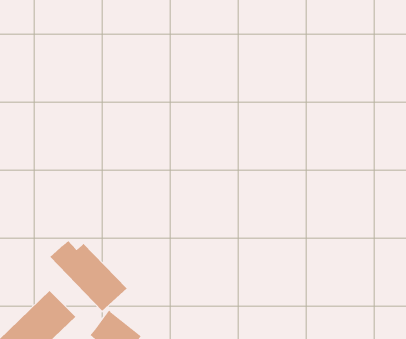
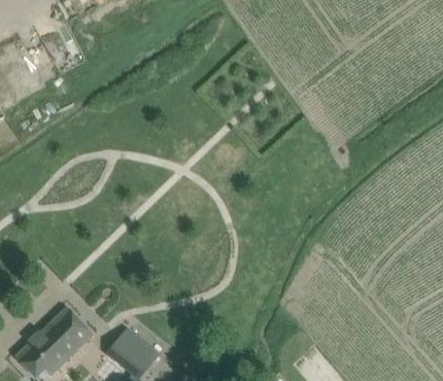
building: [50,240,127,311] -> none

